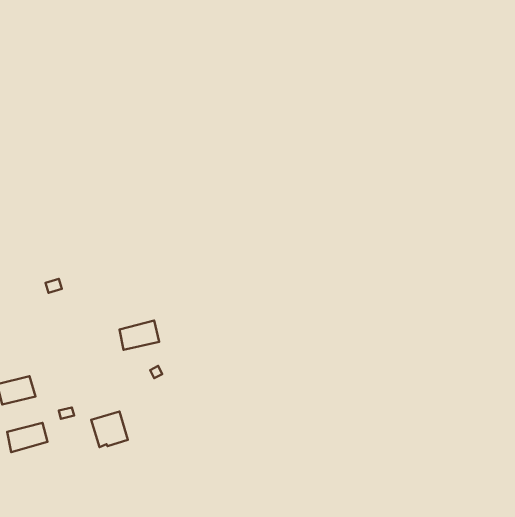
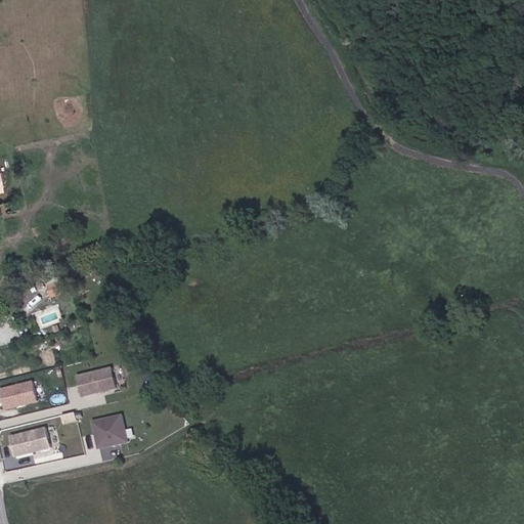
building: [120,320,159,350] -> [75,366,115,396]

